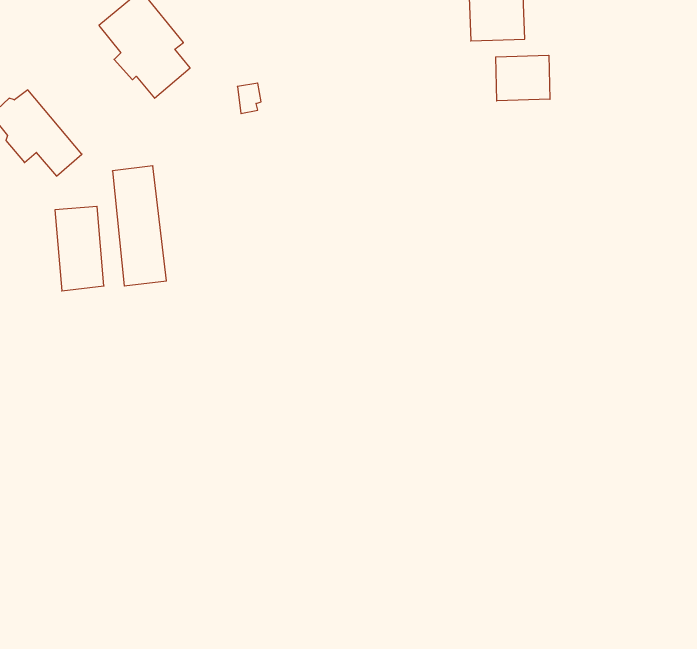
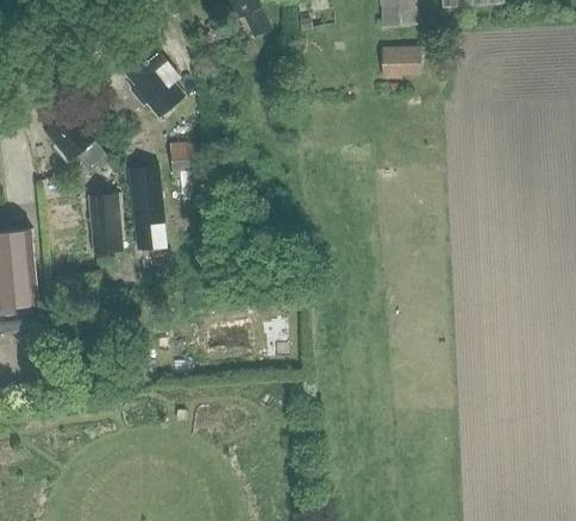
building: [496,55,550,101] -> none
building: none -> [170,142,201,194]

